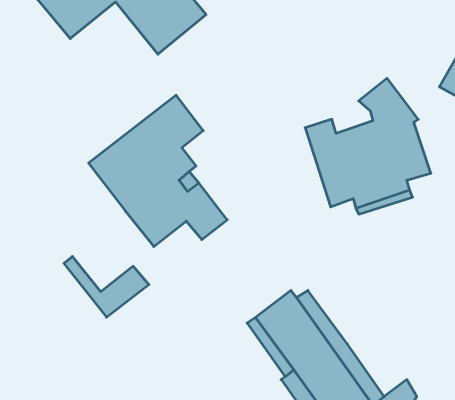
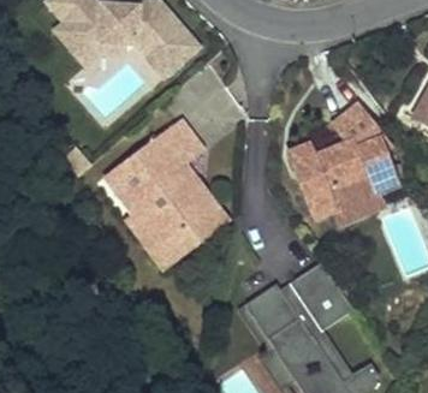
building: [64,256,149,317] -> [129,216,201,268]
building: none -> [291,262,353,329]

